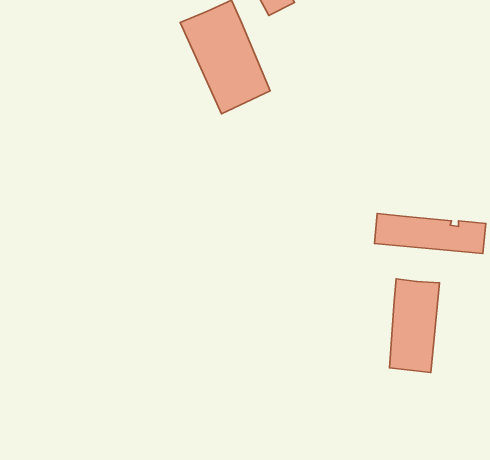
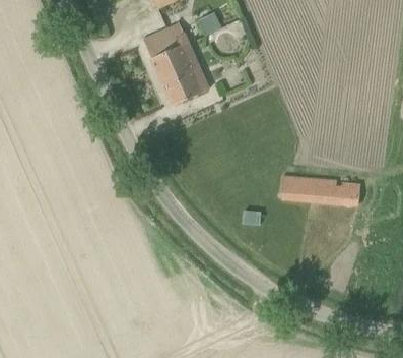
building: [389,279,440,373] -> none

